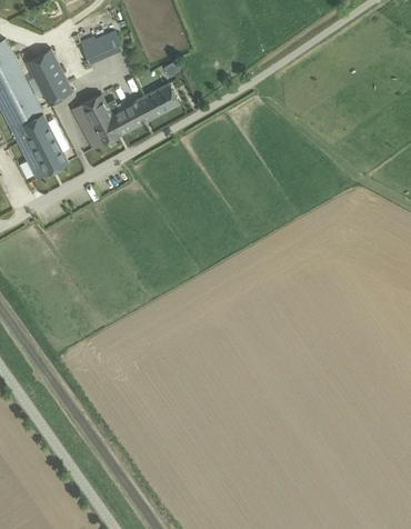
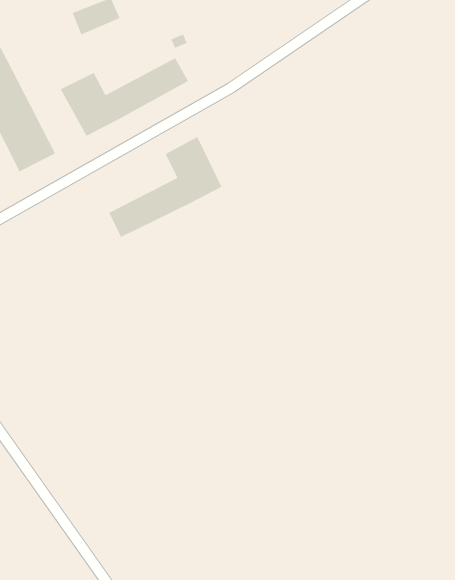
building: [26,50,72,104] -> none
building: none -> [108,136,222,238]

